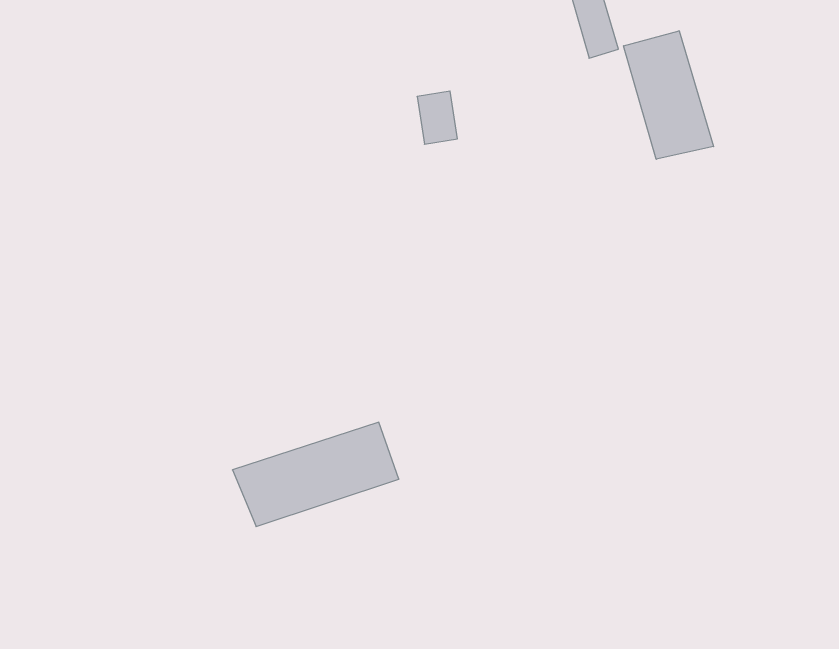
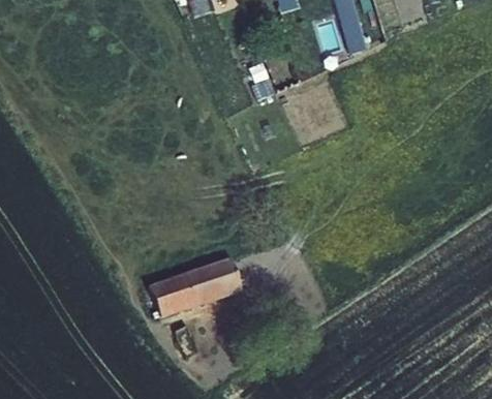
building: [624,31,714,159] -> none

